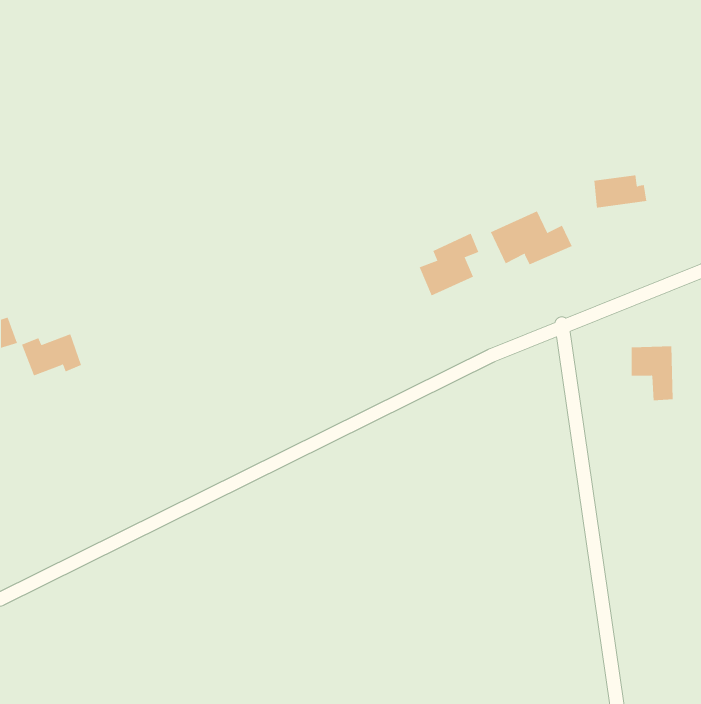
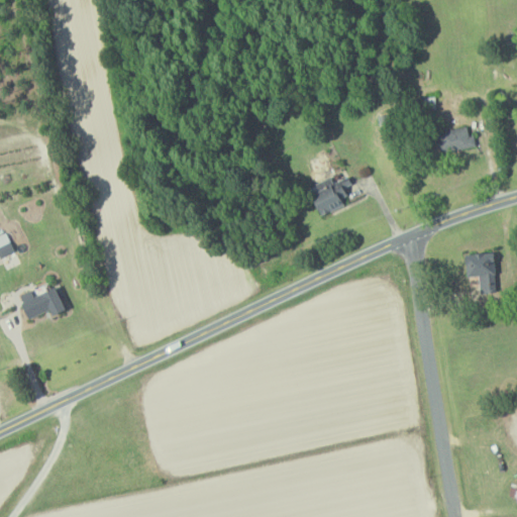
building: [490,211,572,265] -> none
building: [21,333,82,376] -> [18,288,63,319]

